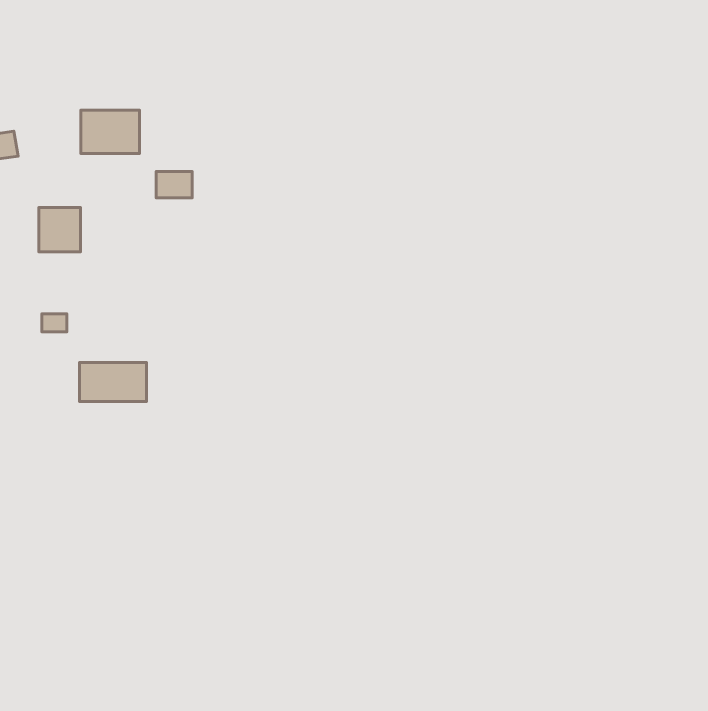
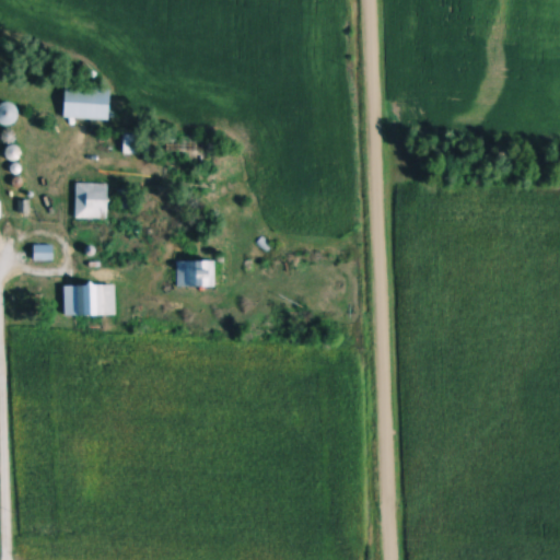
building: [39,207,81,252] -> [74,184,107,219]
building: none -> [176,260,215,287]

